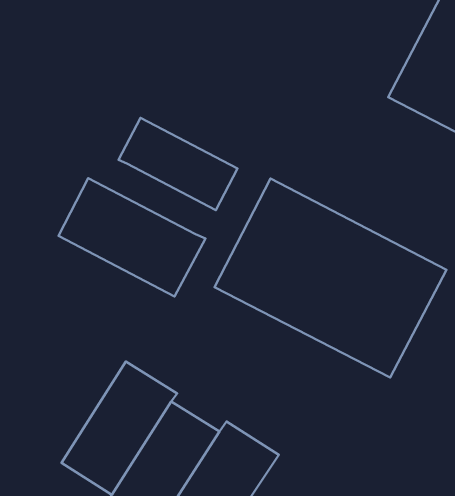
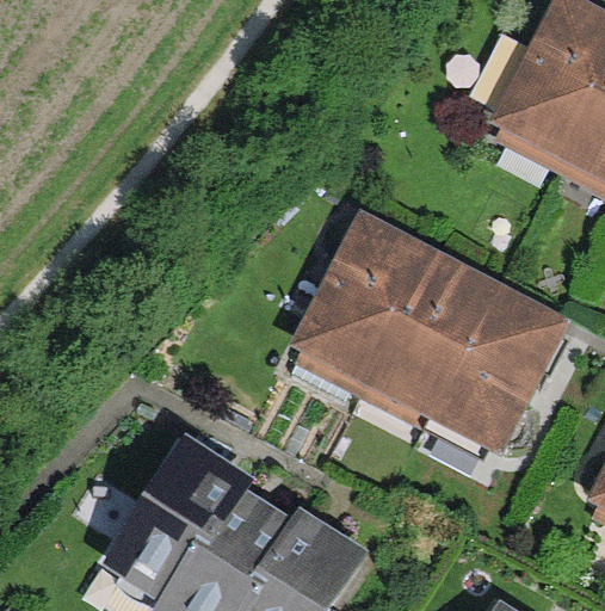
building: [118,118,237,210] -> none
building: [58,178,205,297] -> none

